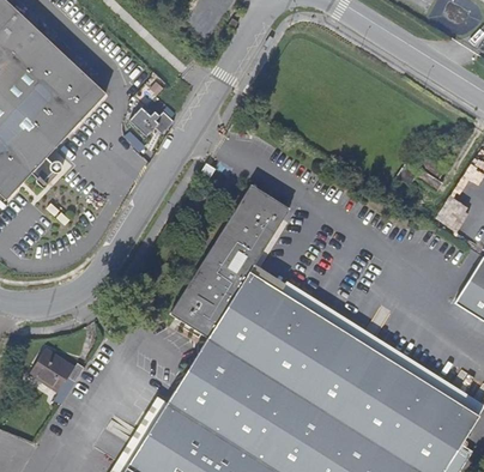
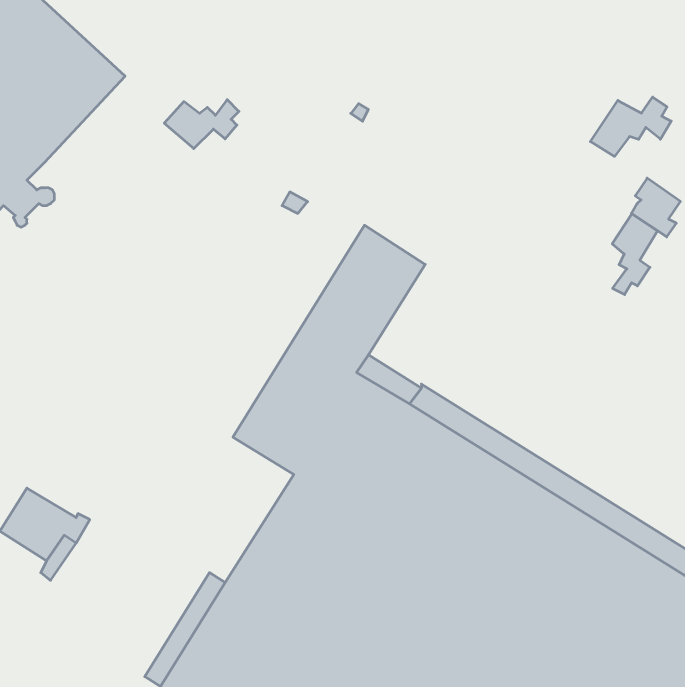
building: none -> [590,97,671,156]
building: none -> [612,214,658,295]

